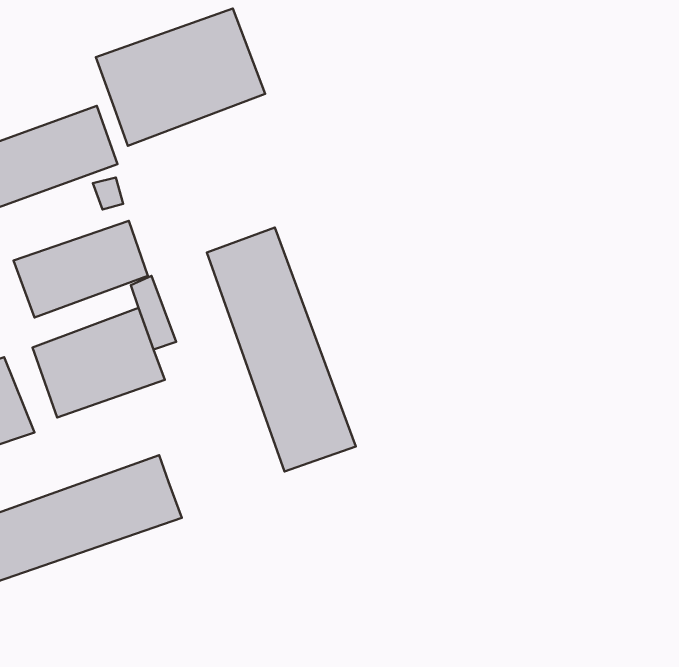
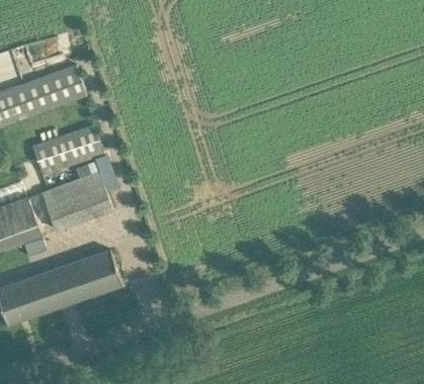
building: [96,8,265,146] -> none
building: [207,227,356,471] -> none

